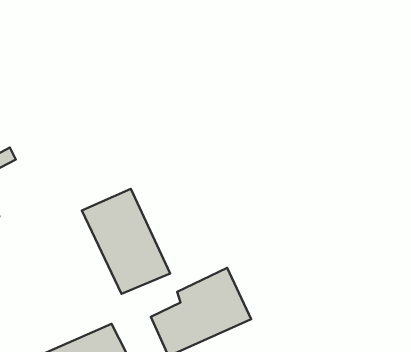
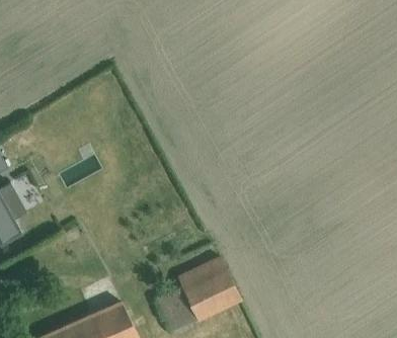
building: [82,189,170,294] -> none

